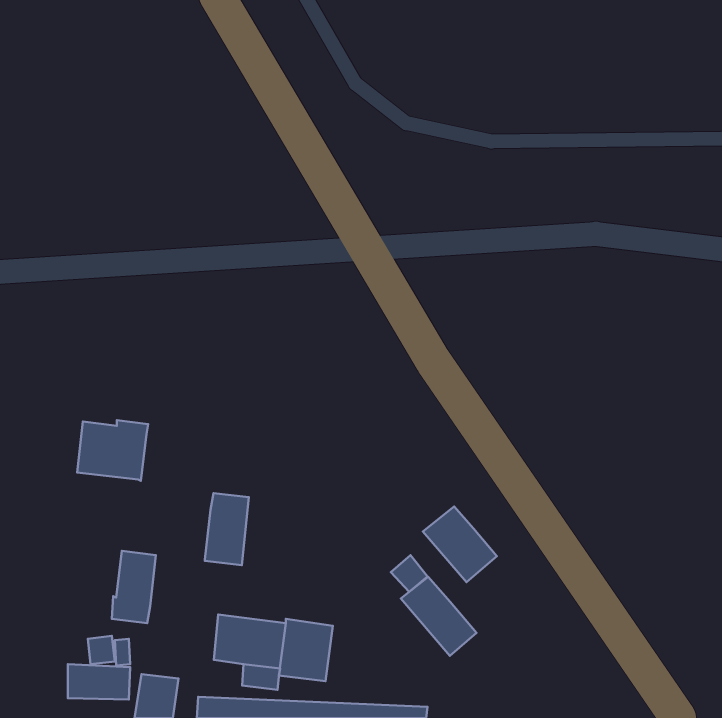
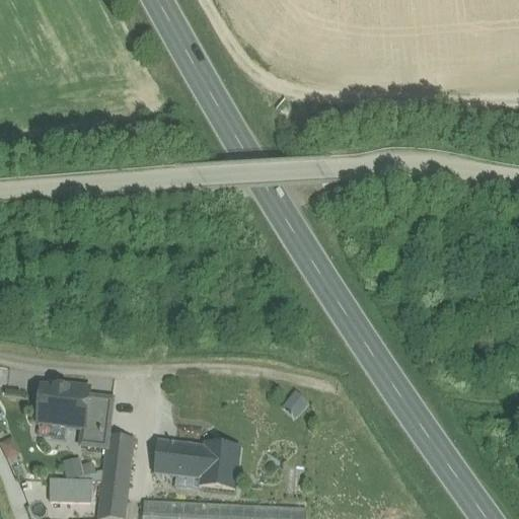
building: [77,420,148,481] -> [38,384,88,428]
building: [205,493,249,565] -> [101,434,133,486]
building: [423,507,497,582] -> none
building: [401,577,476,656] -> none

